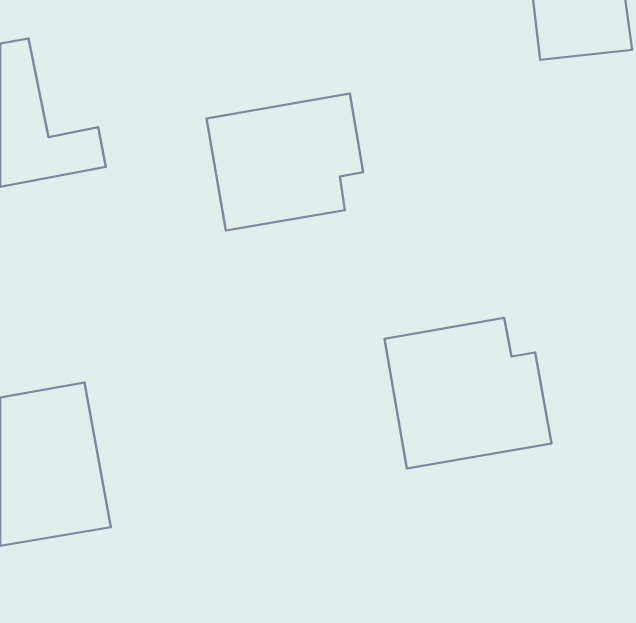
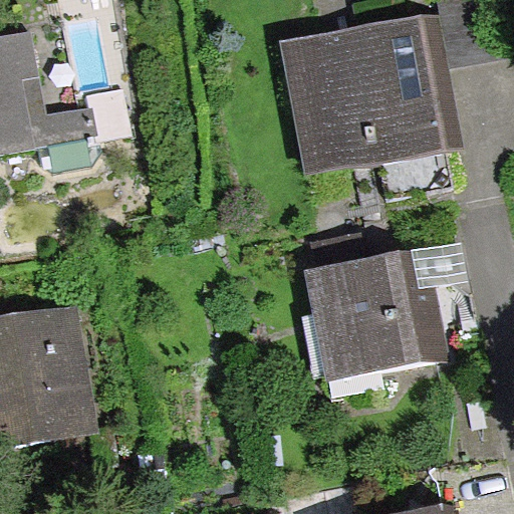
building: none -> [283,18,450,171]
building: [207,94,363,230] -> none

